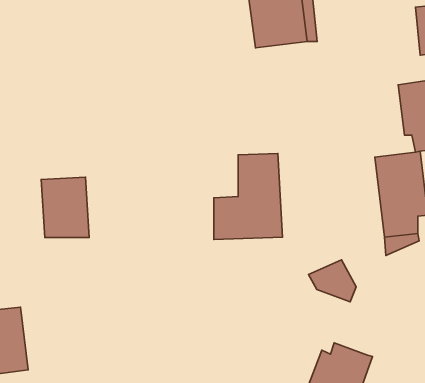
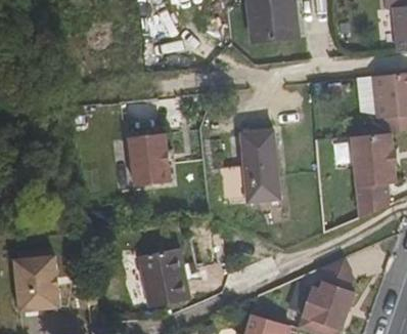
building: [41,177,89,237] -> [132,133,172,183]
building: [308,260,356,302] -> [310,262,350,297]
building: none -> [136,245,191,307]

